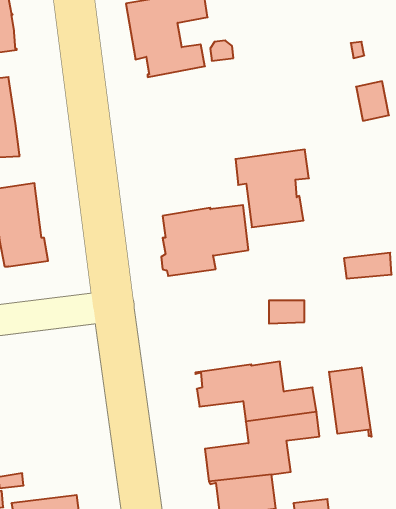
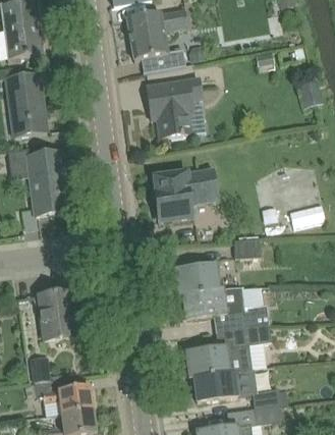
building: [235,150,309,227] -> [147,78,202,137]
building: none -> [175,263,220,293]
building: [329,367,372,437] -> none
building: none -> [38,290,76,339]

